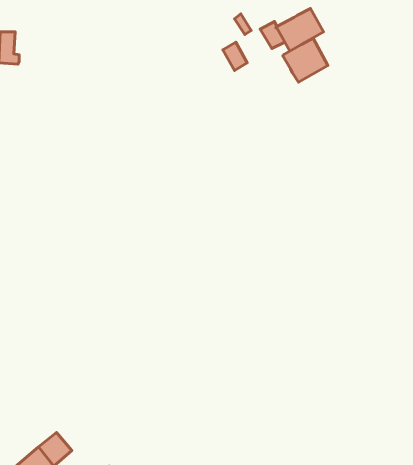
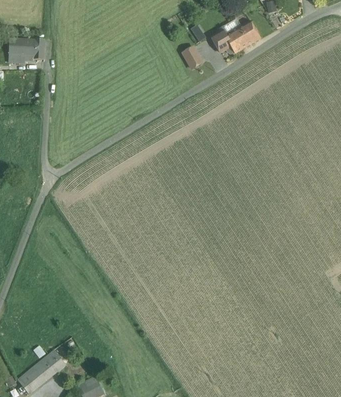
building: none -> [20,38,43,59]
building: [283,38,328,82] -> none

